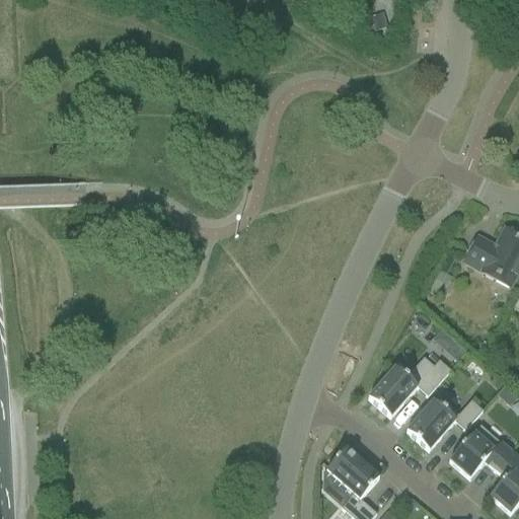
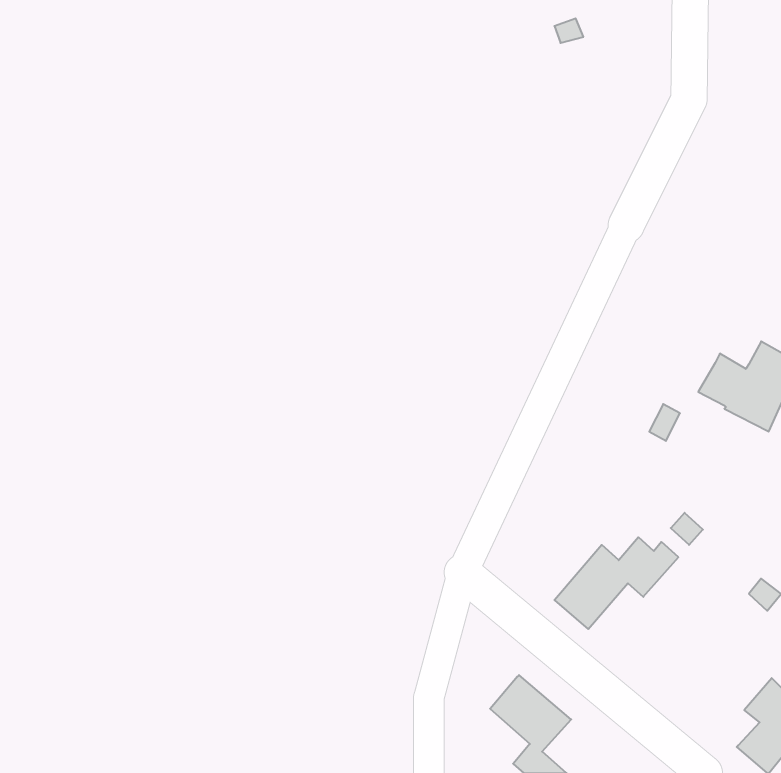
building: [405,394,483,450] -> none
building: [449,424,512,478] -> none

